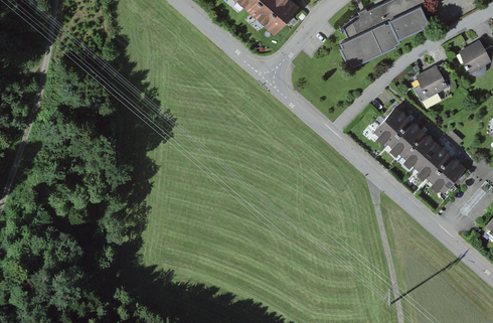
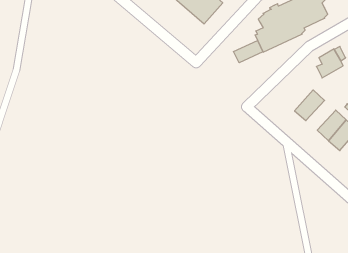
building: none -> [233,41,263,63]
building: [373,105,410,143] -> none
building: [401,130,439,167] -> none

